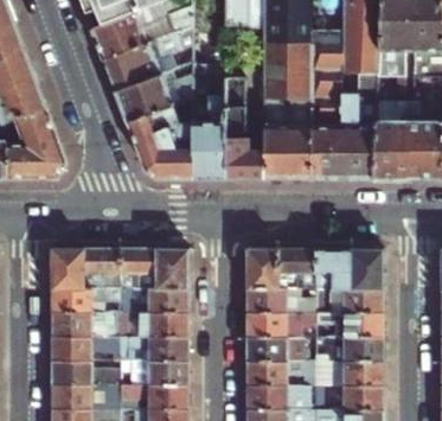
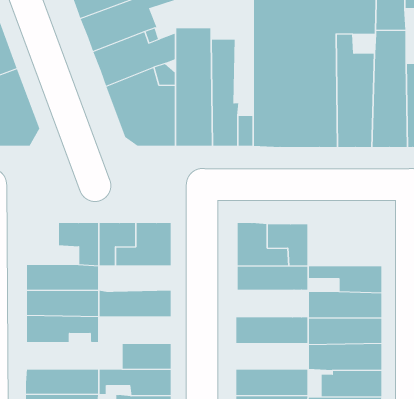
building: [51,249,100,288] -> none
building: [313,250,382,289] -> none
building: [118,289,186,313] -> none
building: [245,312,300,337] -> none
building: [118,337,186,362] -> none
building: [51,361,101,385] -> none
building: [245,362,313,385] -> none

